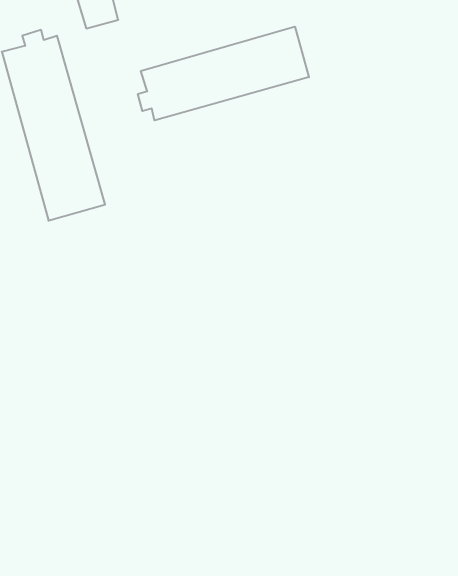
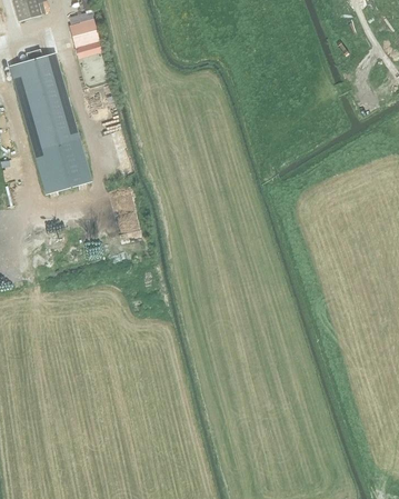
building: [138,27,309,120] -> none

